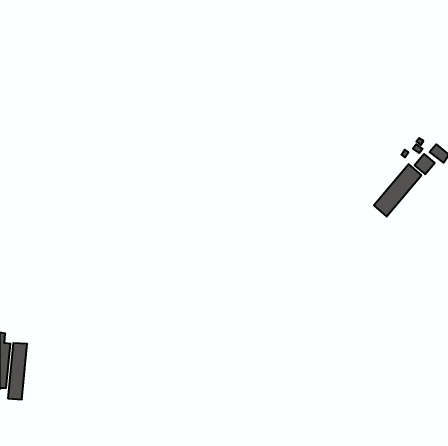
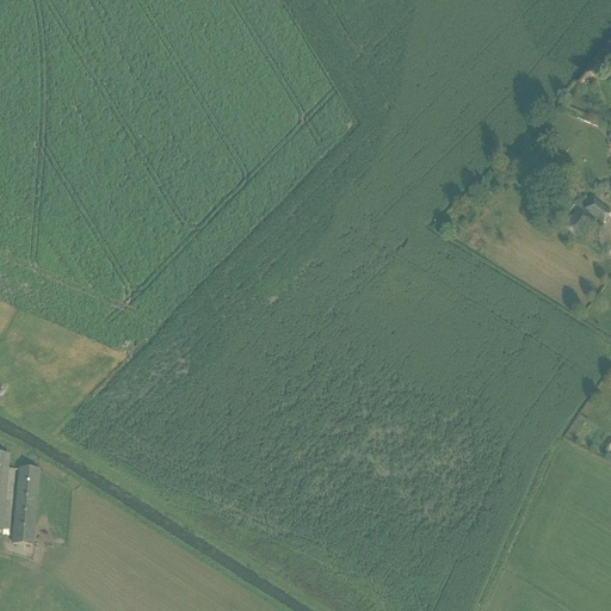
building: [374,164,421,217] -> none

